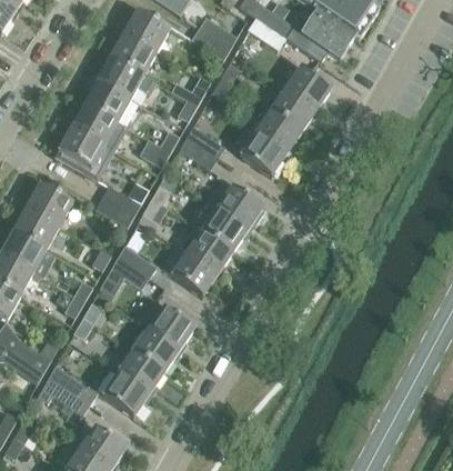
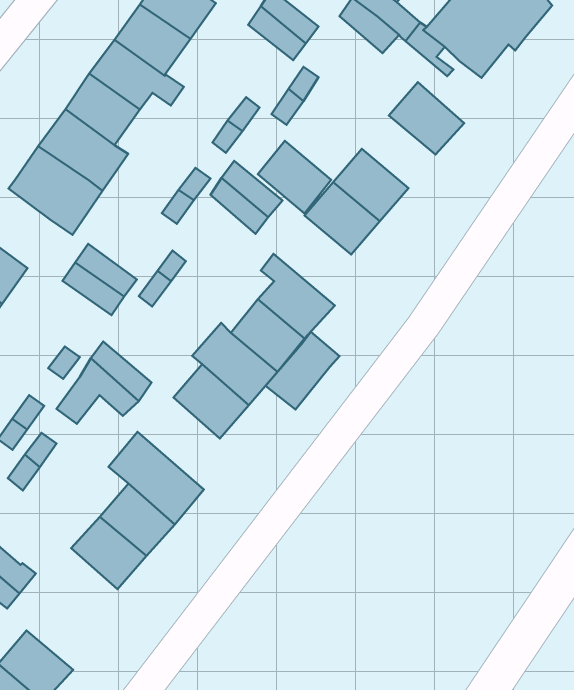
building: [270,87,315,130] -> [258,141,331,213]
building: none -> [266,332,339,410]
building: [101,372,148,417] -> none

